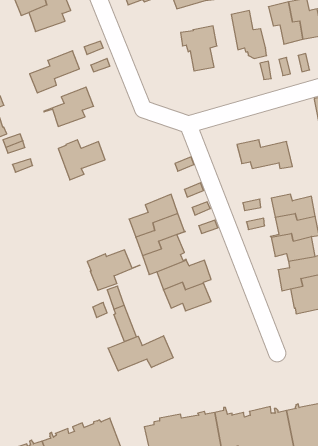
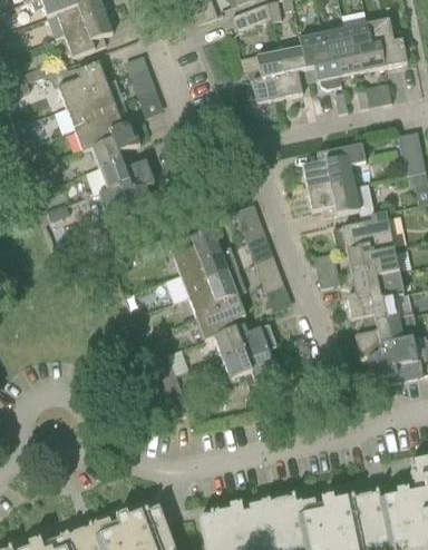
building: none -> [321,28,361,76]
building: none -> [275,37,308,98]
building: none -> [58,60,115,106]
building: none -> [74,100,130,149]
building: none -> [302,144,364,191]
building: none -> [98,156,154,193]
building: none -> [332,212,393,254]
building: [87,250,140,290] -> [168,228,230,275]
building: [108,336,173,371] -> none

